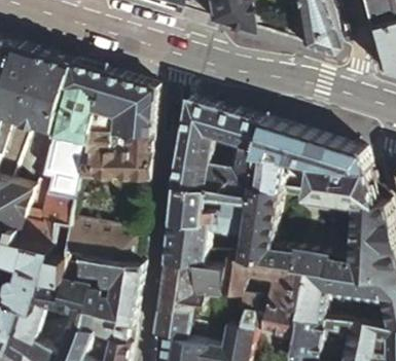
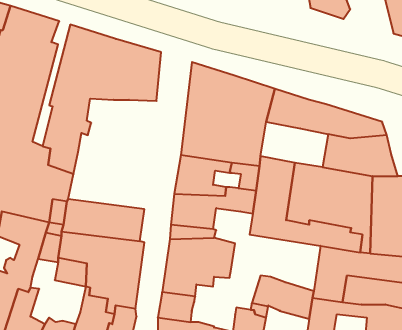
building: [79,129,152,180] -> none
building: [249,150,286,188] -> none
building: [221,253,304,308] -> none
building: [35,294,86,338] -> none

